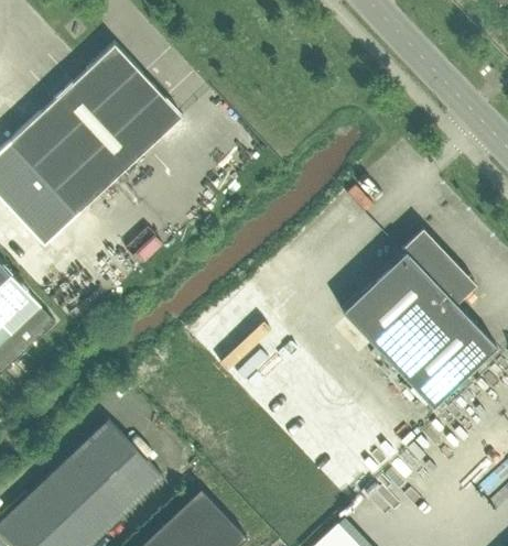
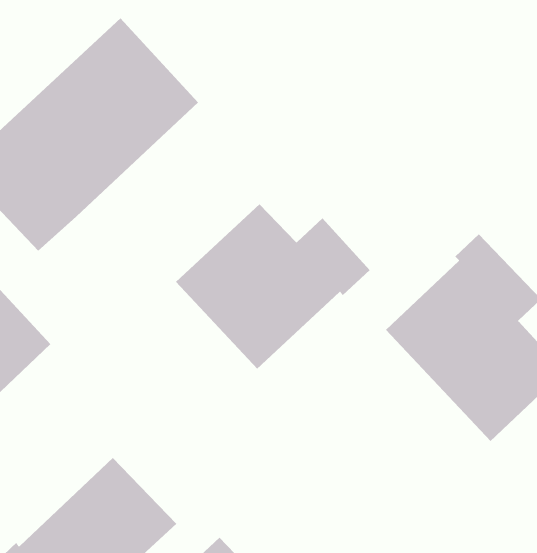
building: none -> [175,203,370,369]

